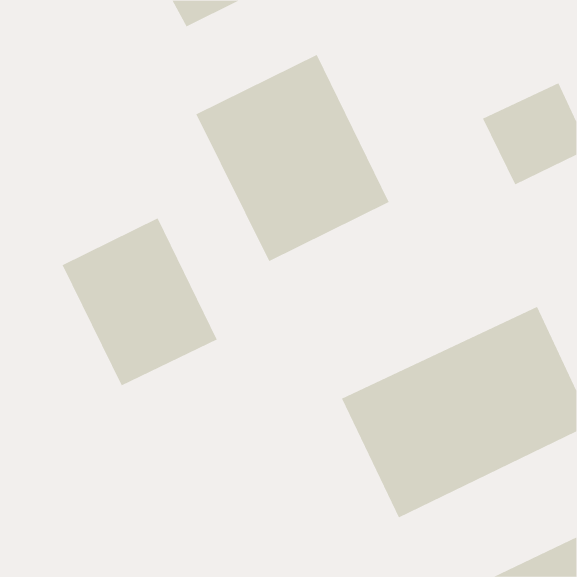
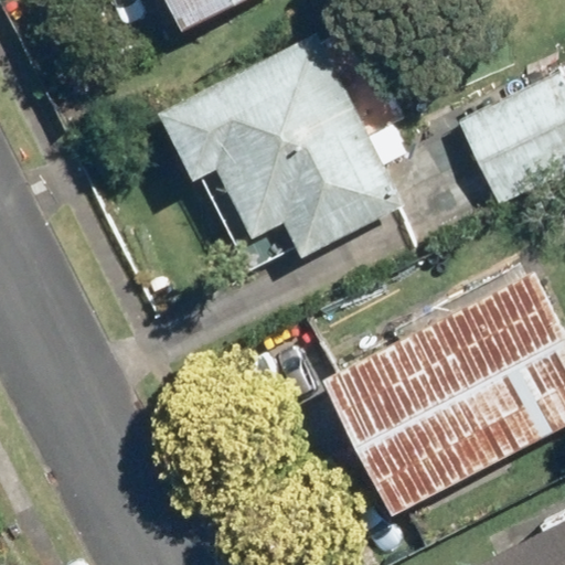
building: [62,218,217,386] -> none

